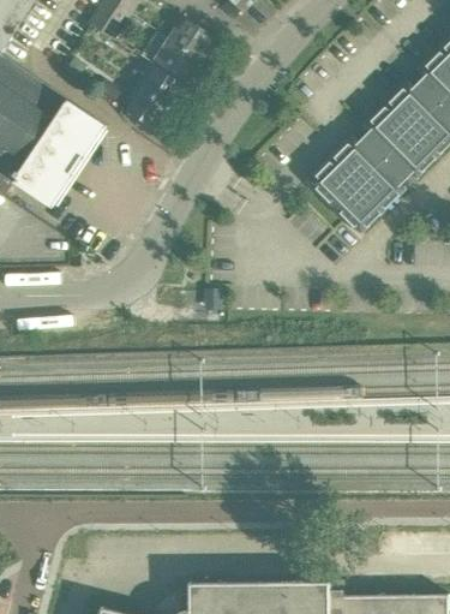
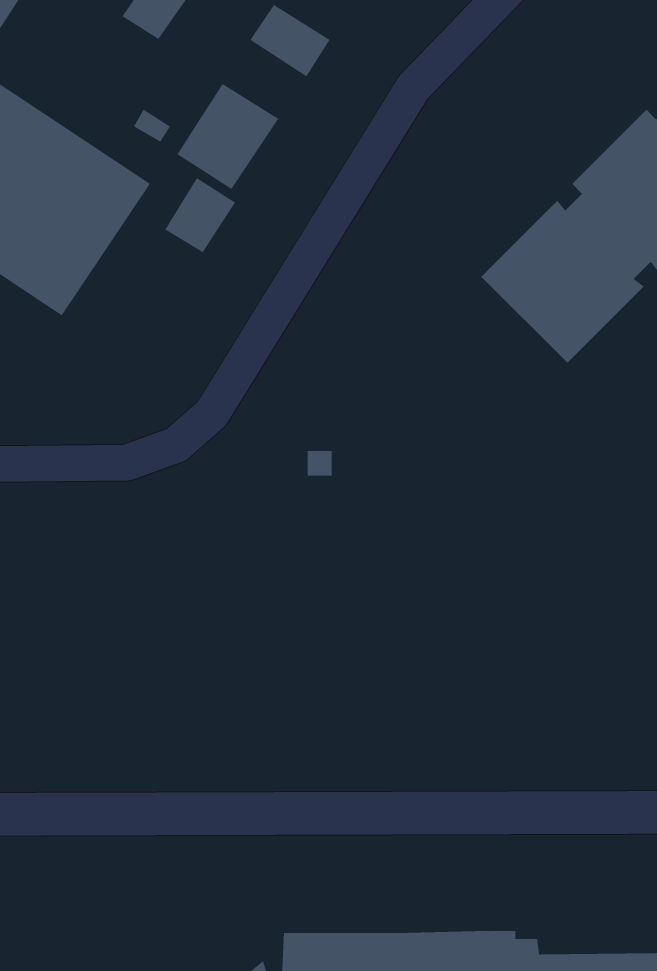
building: [154,40,202,84] -> none
building: none -> [165,177,236,253]

